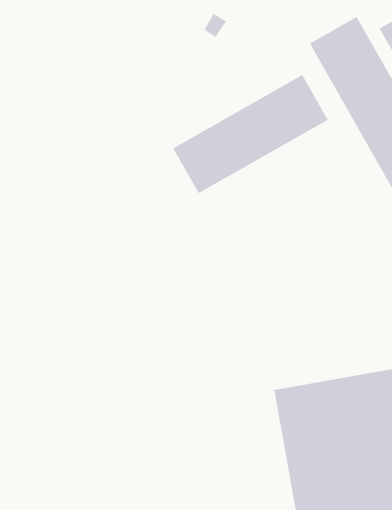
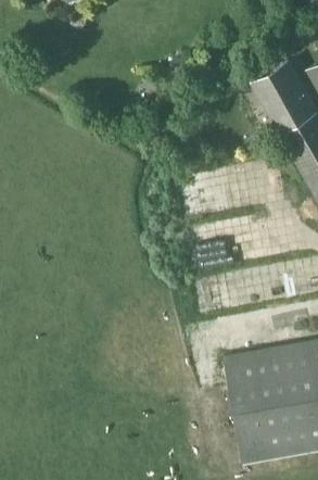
building: [173,74,329,194] -> none

